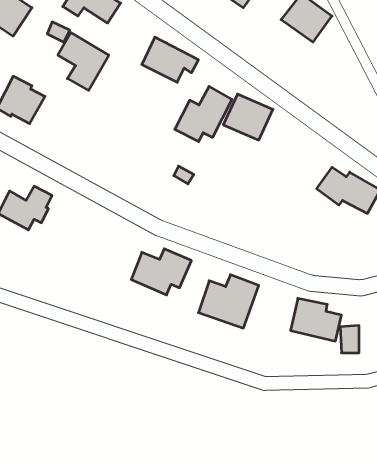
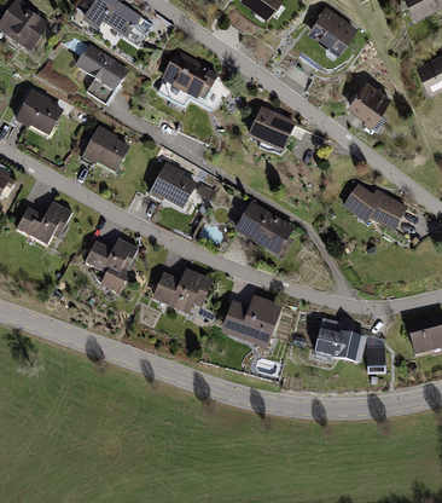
building: none -> [347,80,389,126]
building: [175,86,232,142] -> none
building: none -> [81,128,130,175]
building: none -> [149,162,198,209]
building: none -> [233,201,295,255]
building: none -> [83,239,138,297]

